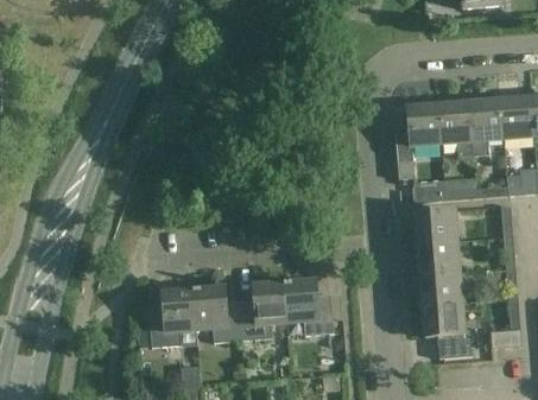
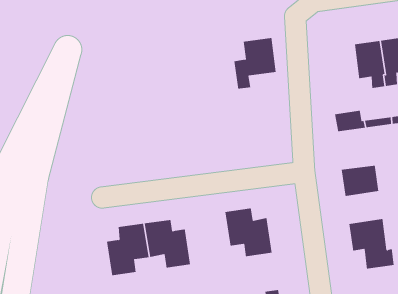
building: [397,103,444,159] -> [234,37,276,89]
building: [416,209,457,243] -> none
building: [420,271,462,305] -> none
building: [239,282,287,339] -> none

